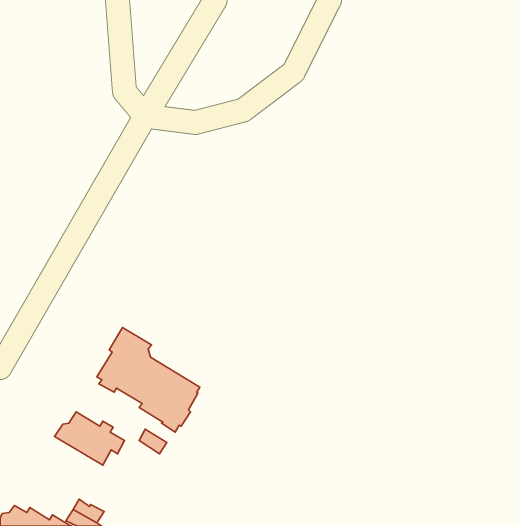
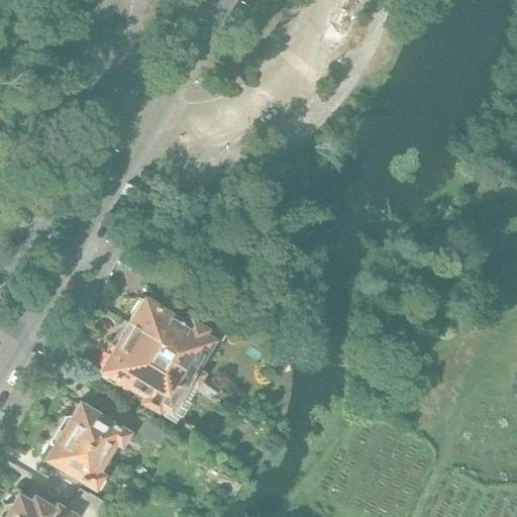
building: none -> [126,297,227,380]
building: none -> [47,428,107,485]

